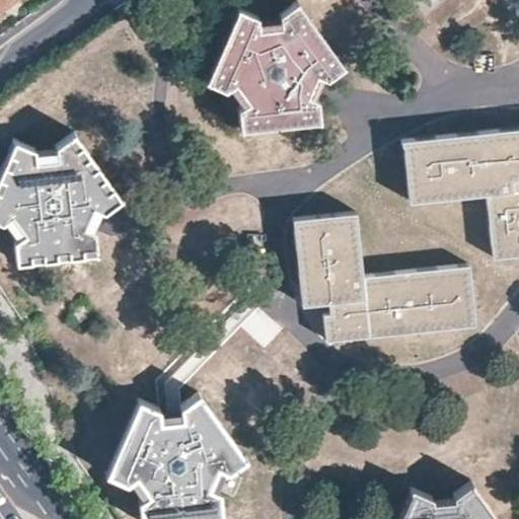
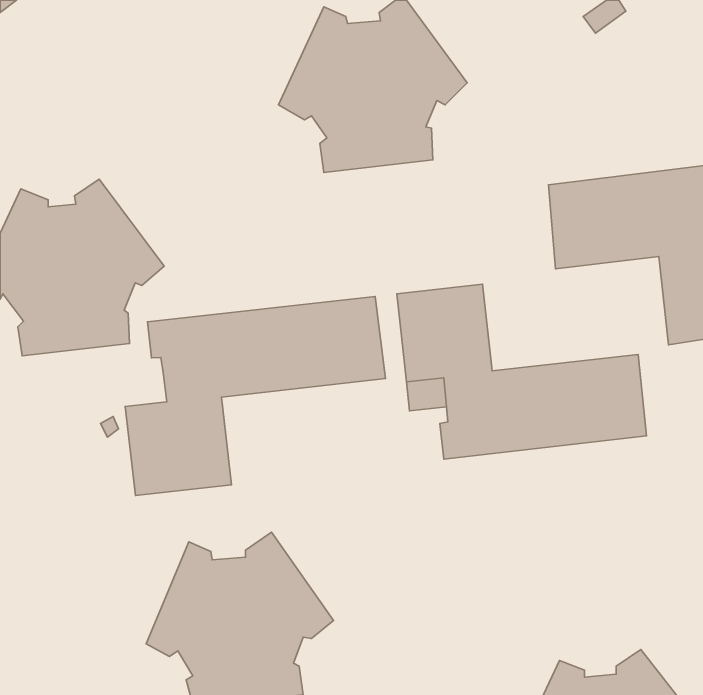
building: none -> [125,297,385,496]

